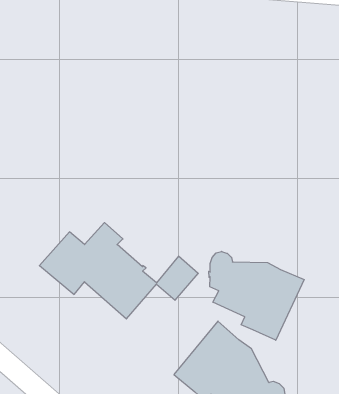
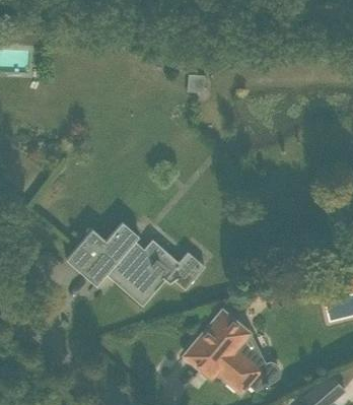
building: [209,251,304,340] -> none

